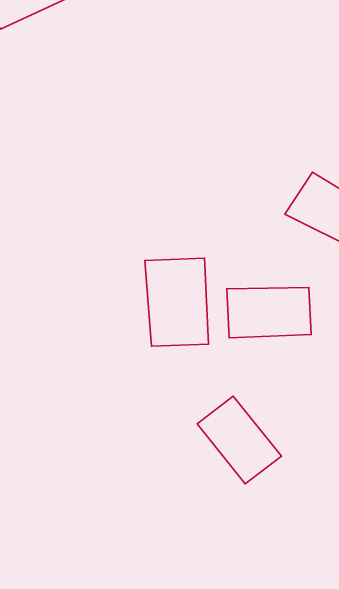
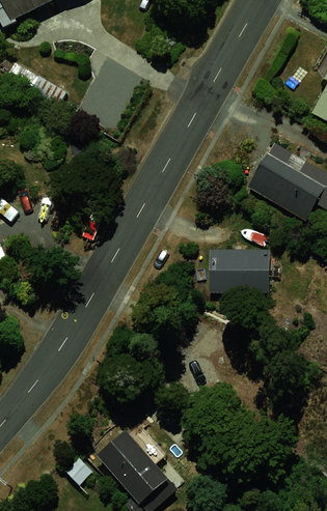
building: [145,258,208,346] -> none
building: [197,396,281,484] -> [92,425,165,501]

